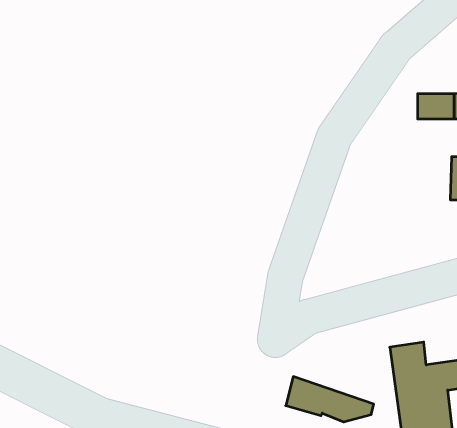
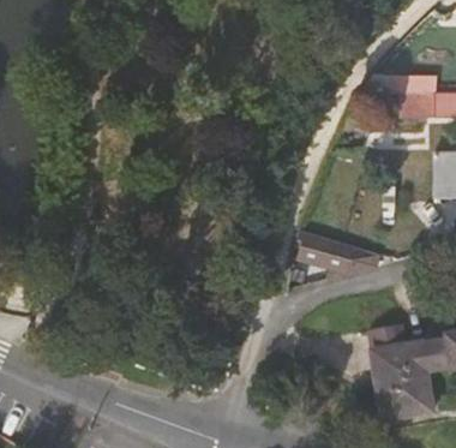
building: [286,377,374,422] -> [295,229,379,273]

